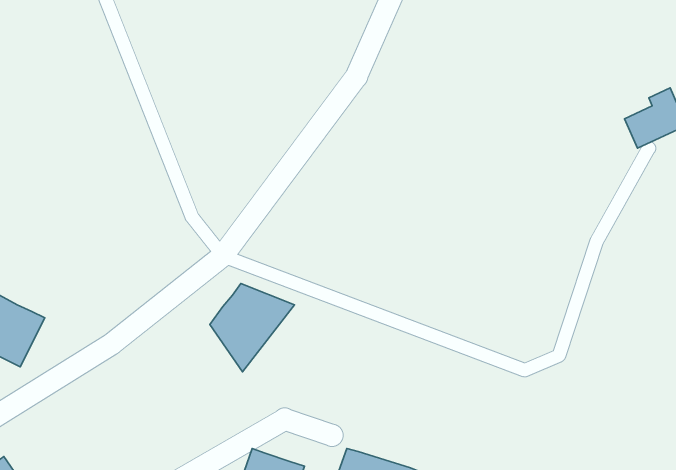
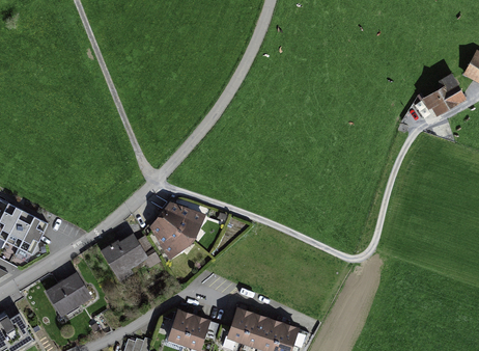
building: none -> [101,236,148,278]
building: none -> [46,274,90,316]

